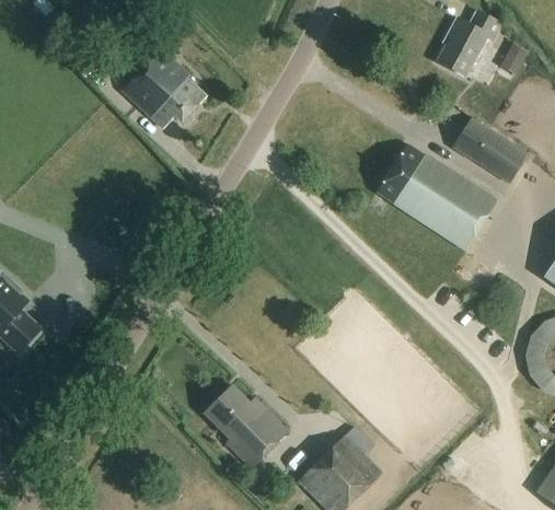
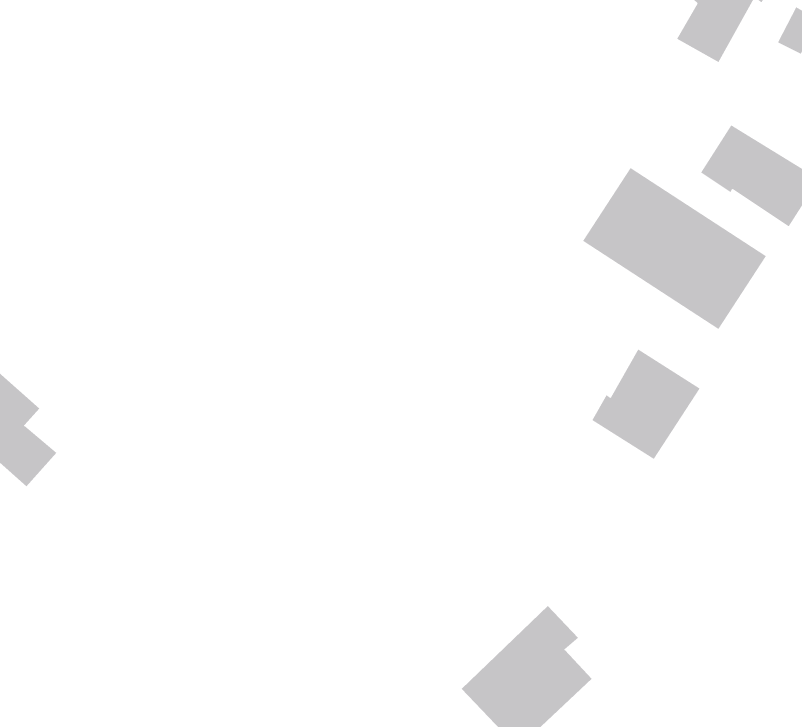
building: [120,47,206,129] -> none
building: none -> [592,349,701,460]
building: [205,384,289,470] -> none

